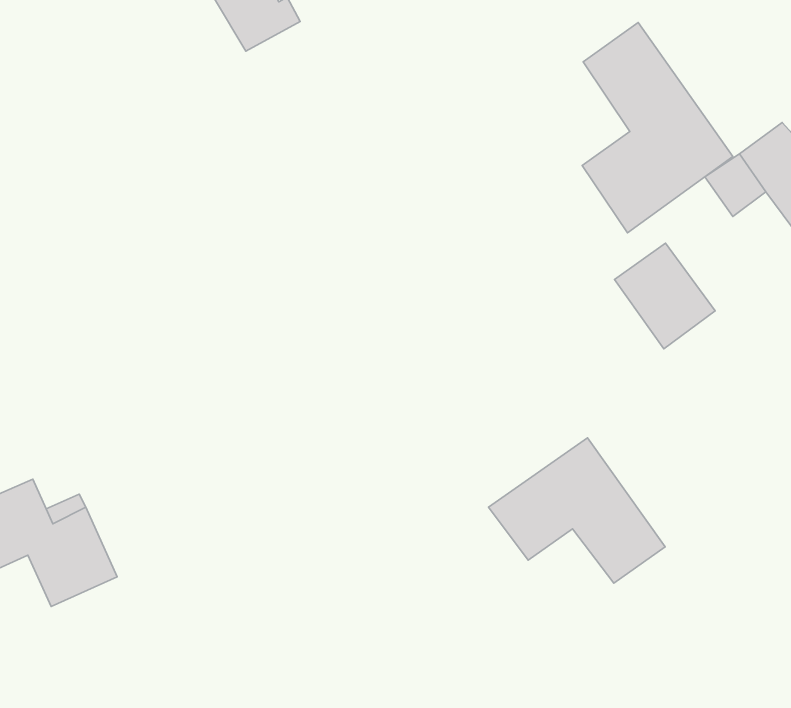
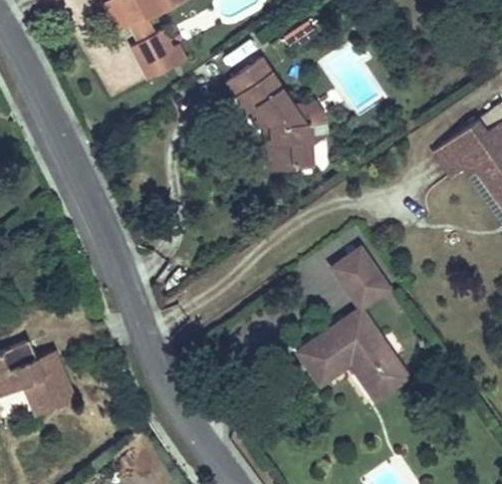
building: none -> [227,57,312,173]
building: [582,23,733,233] -> none
building: [614,243,715,349] -> [330,247,392,311]

